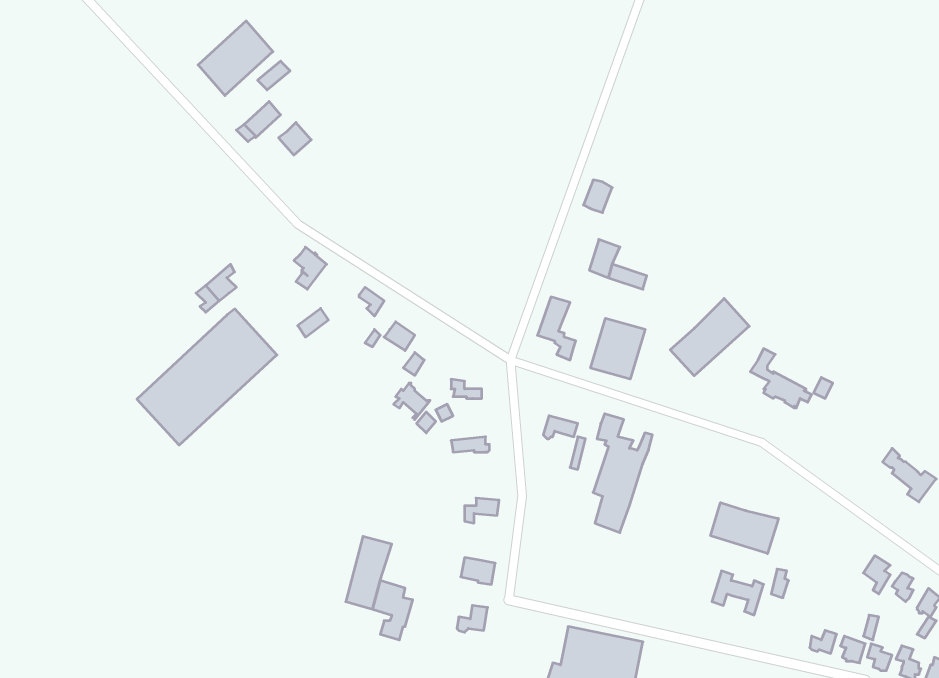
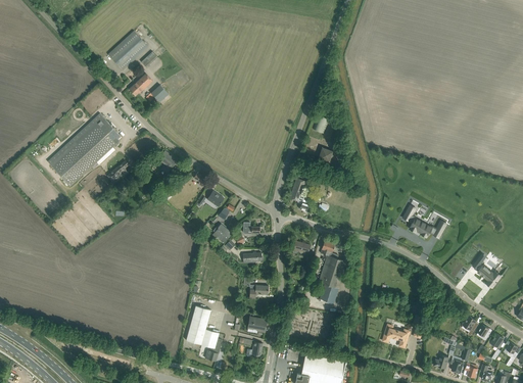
building: [670,298,749,376] -> none
building: [137,309,277,445] -> [48,113,123,186]
building: [591,318,645,379] -> none
building: [711,503,778,554] -> none

